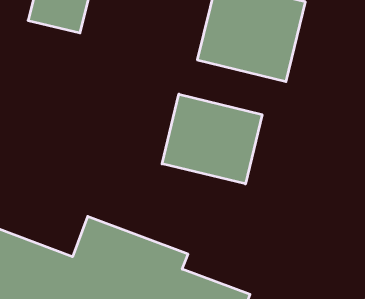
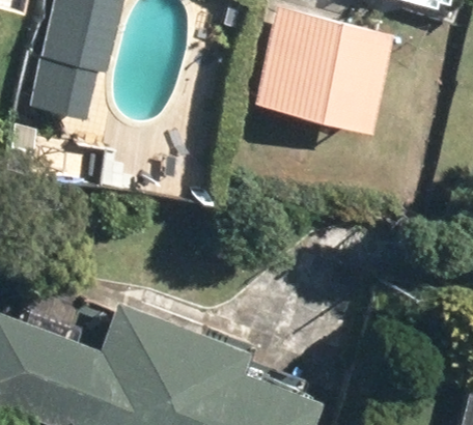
building: [162,94,262,184] -> none

